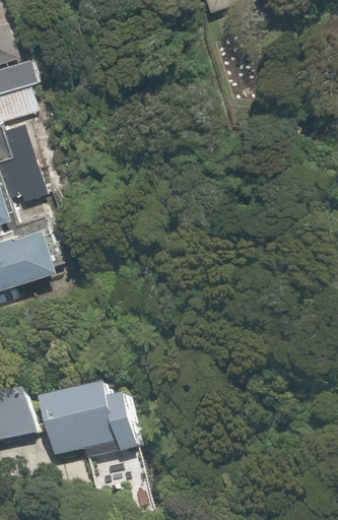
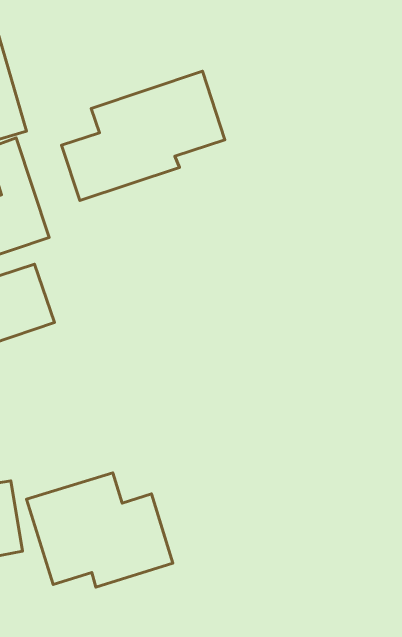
building: none -> [62,71,225,201]

